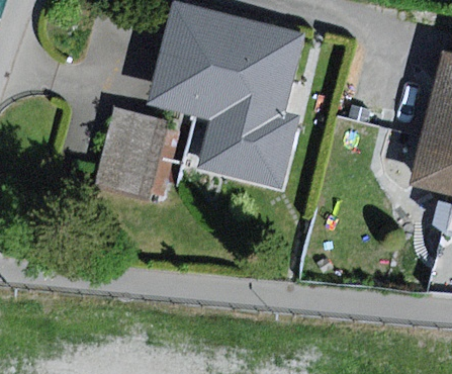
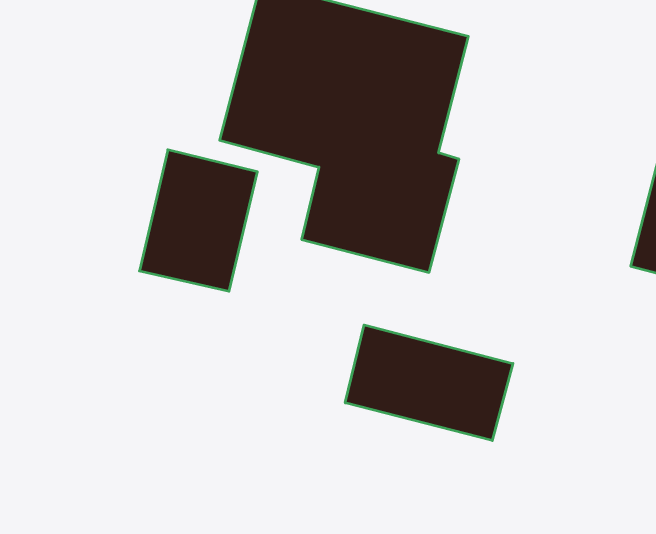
building: none -> [345,325,513,441]

